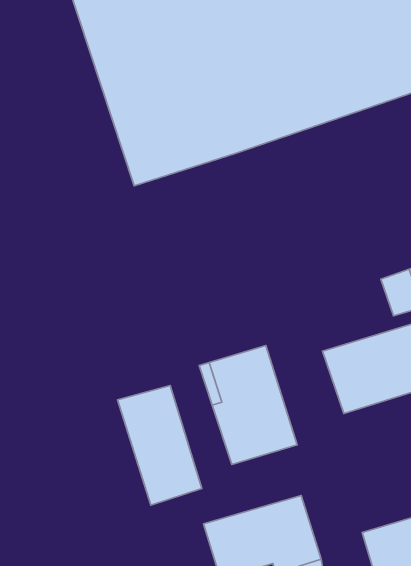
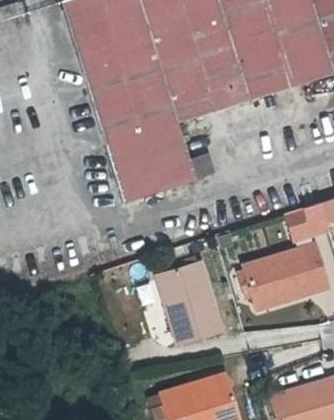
building: none -> [109,125,200,205]
building: [118,385,202,505] -> none

